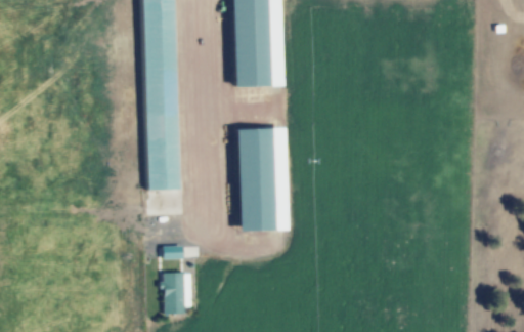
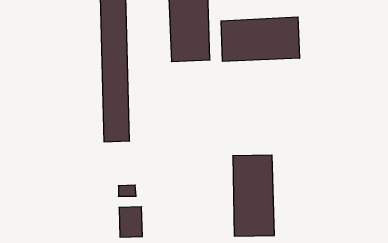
building: none -> [221,17,300,61]
building: [234,127,288,231] -> [233,155,274,236]

